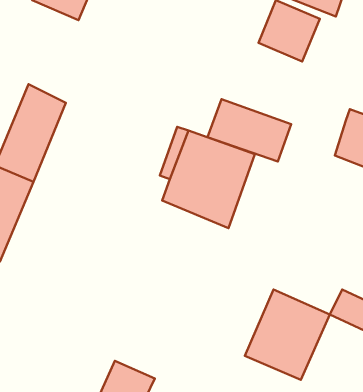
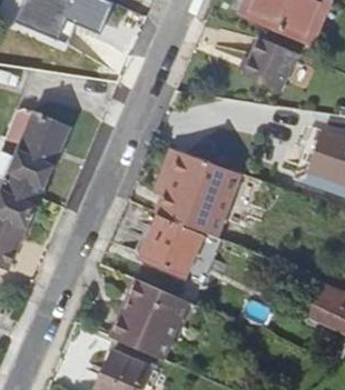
building: [207,99,291,161] -> none
building: none -> [140,218,200,277]
building: [245,290,330,380] -> [110,277,186,357]

